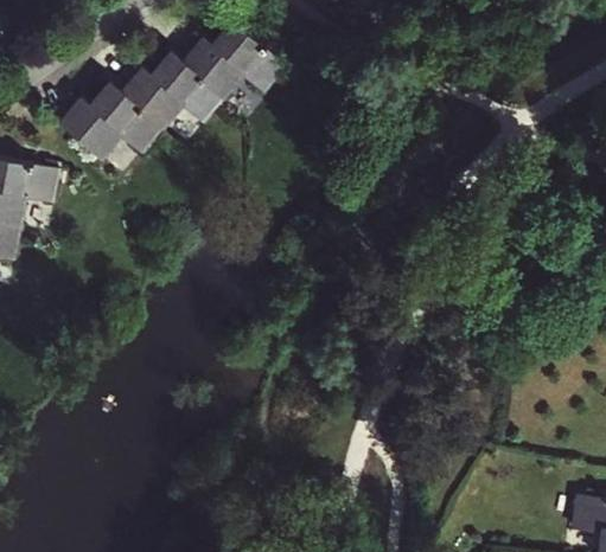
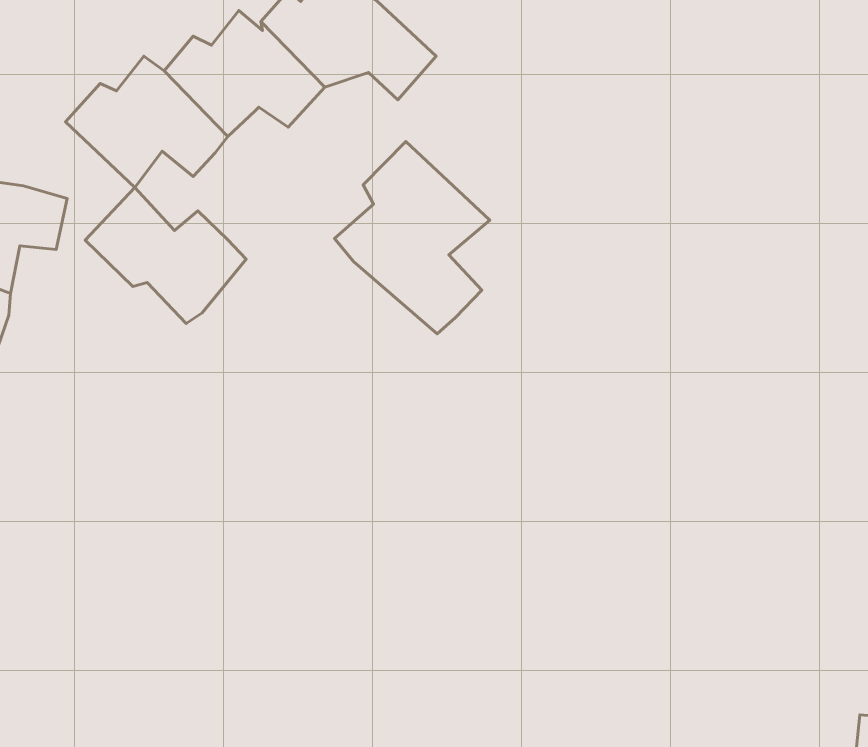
building: none -> [334,142,490,334]
building: none -> [85,188,246,324]

